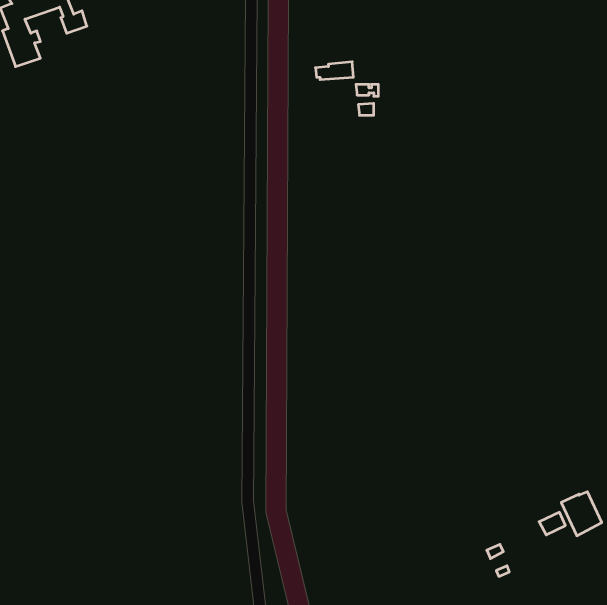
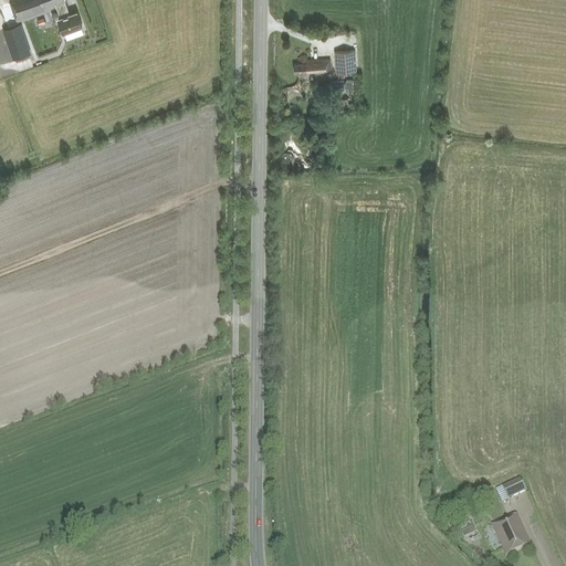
building: none -> [334,49,355,72]
building: [561,492,602,536] -> [491,513,528,554]

